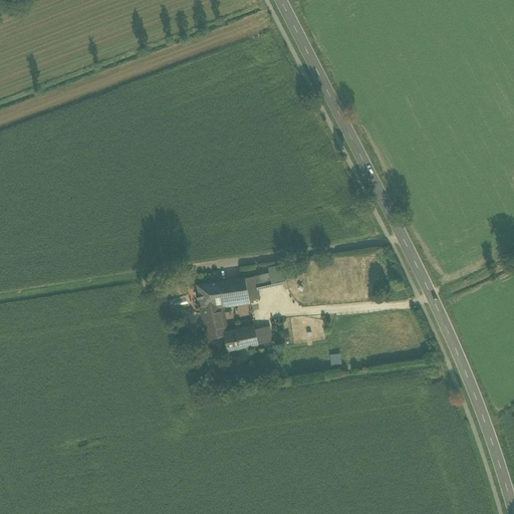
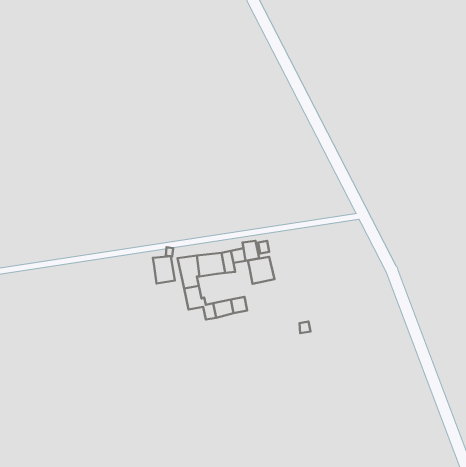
building: none -> [153,256,175,283]
building: none -> [248,257,275,284]

